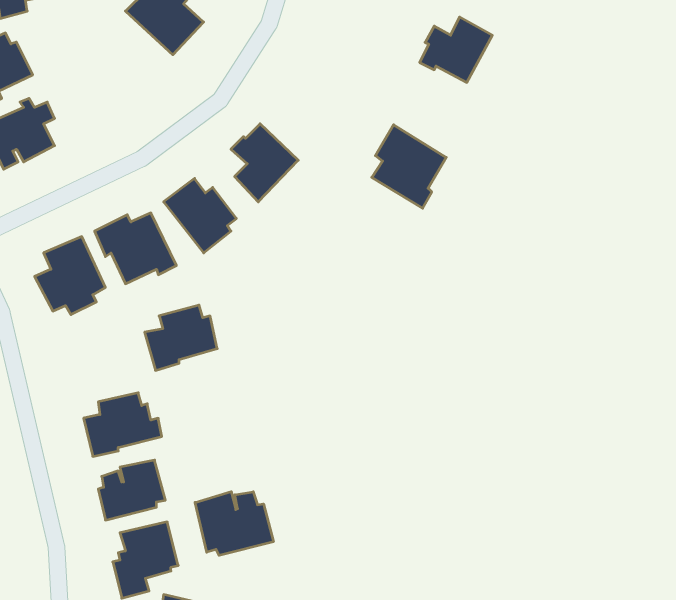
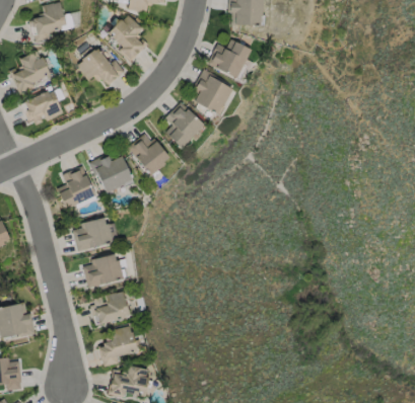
building: [420,17,492,82] -> [209,38,250,75]
building: none -> [78,49,127,87]
building: [372,125,446,208] -> [193,69,234,115]
building: [145,305,217,370] -> [72,216,113,252]
building: [195,492,273,555] -> none

